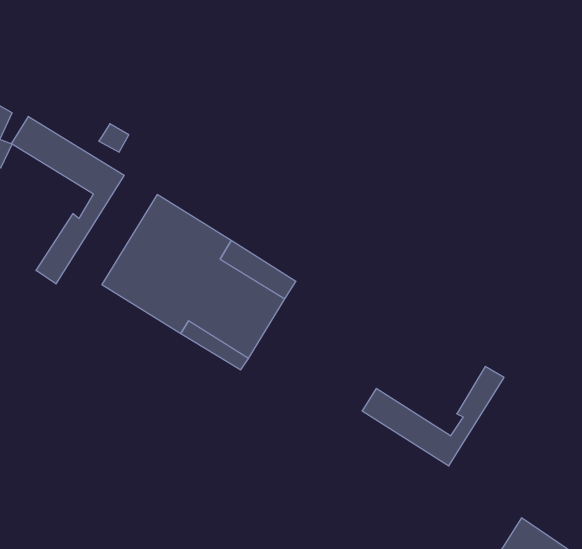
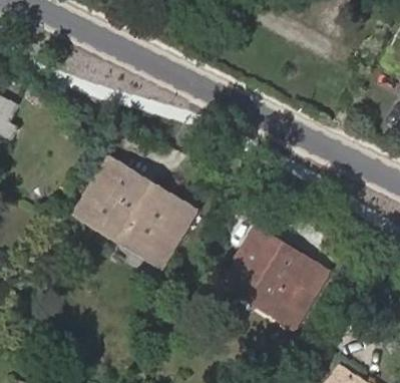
building: [12,116,124,284] -> none
building: none -> [221,227,317,310]

